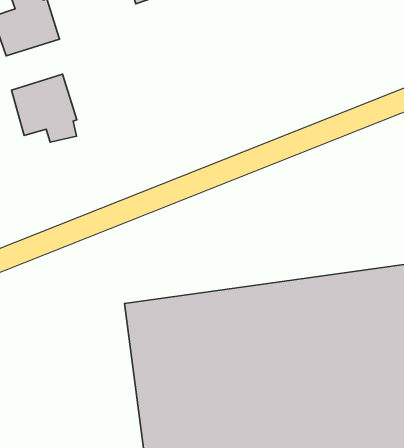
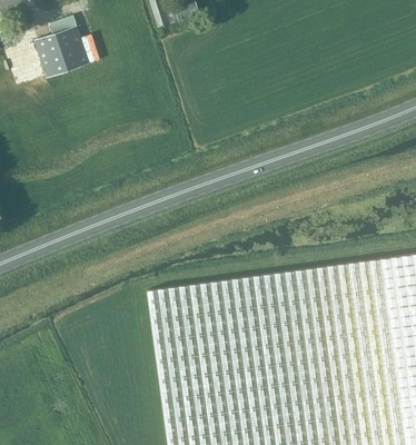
building: [12,74,77,142] -> none

